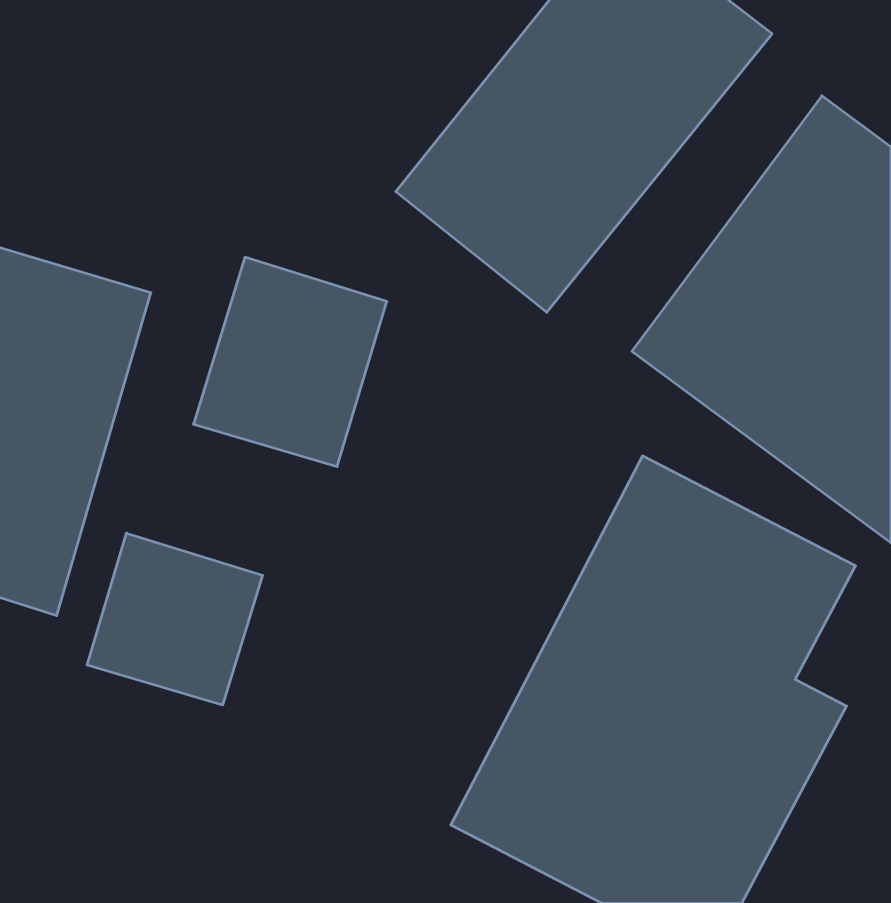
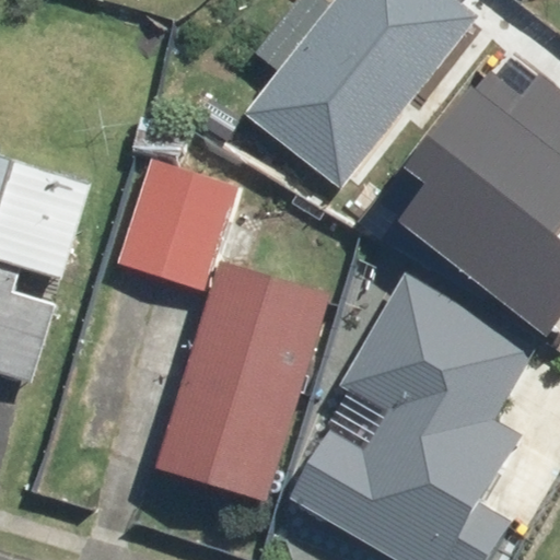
building: none -> [165,257,324,490]
building: [87,533,263,705] -> none

